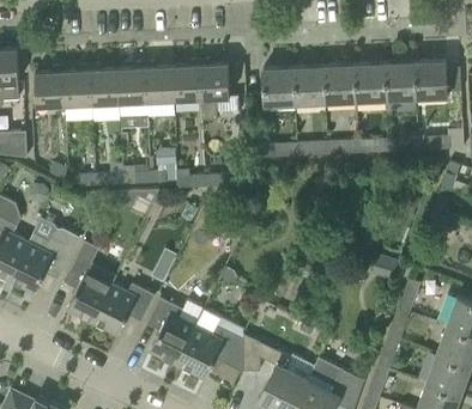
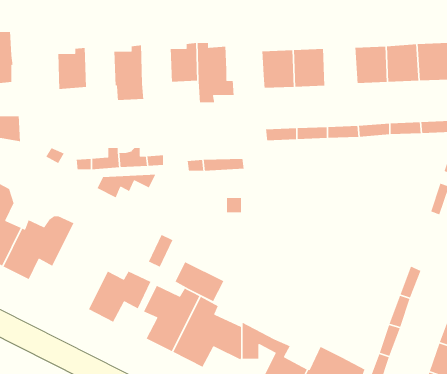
building: [145,63,175,117] -> none
building: [90,66,119,105] -> none
building: [323,66,356,104] -> none
building: [35,67,65,109] -> none
building: [63,257,111,323] -> none
building: none -> [174,261,224,302]

